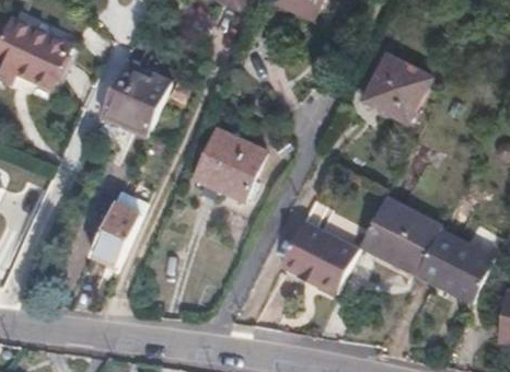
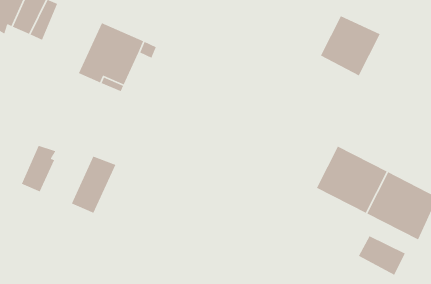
building: [194,130,266,202] -> none
building: none -> [21,145,57,192]
building: [282,220,359,291] -> none
building: none -> [358,235,406,276]

